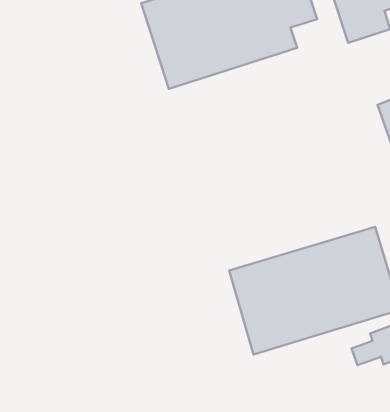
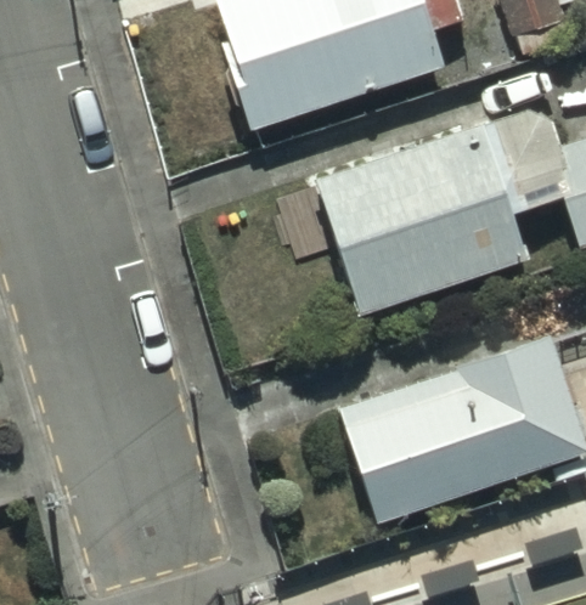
building: none -> [319,128,523,311]

